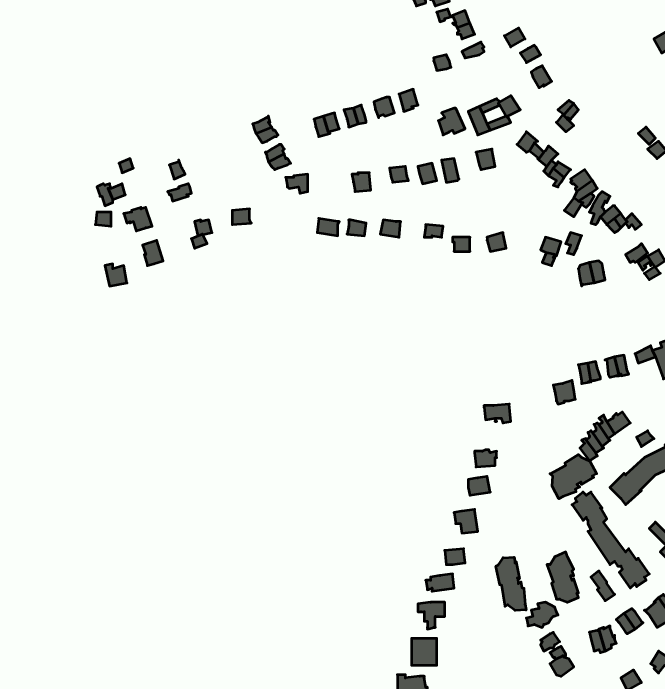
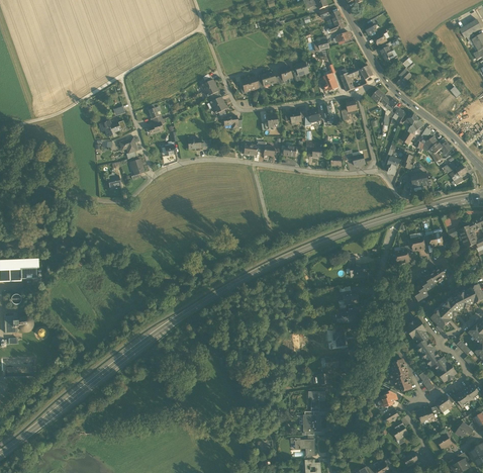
building: [550,455,597,499] -> none
building: [496,557,526,610] -> none

